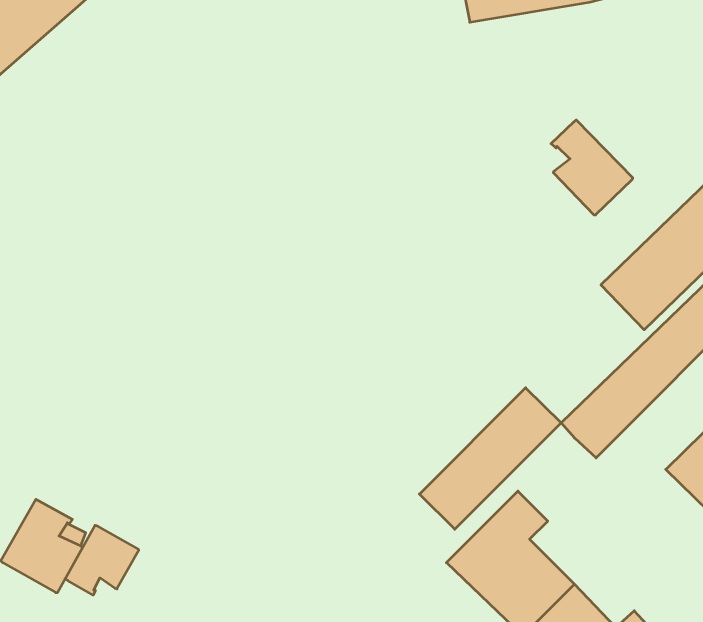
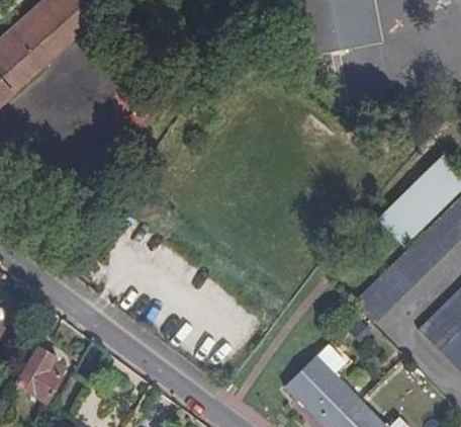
building: [551,120,633,215] -> none
building: [419,388,561,529] -> none
building: [65,525,139,595] -> none

